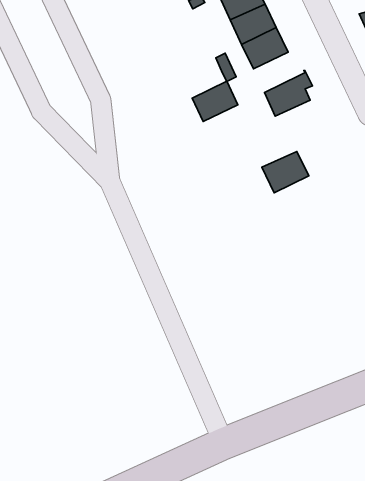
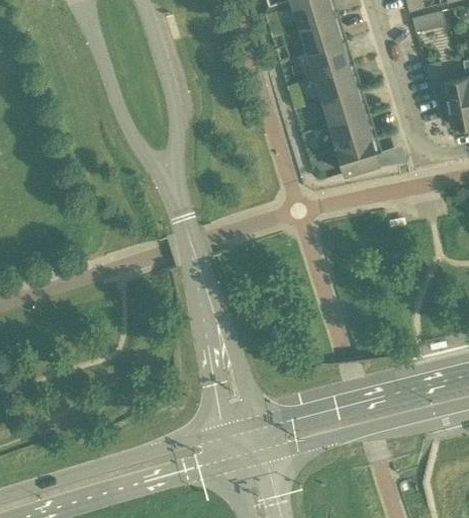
building: [192,81,238,122] -> [321,87,363,121]
building: [262,151,309,193] -> [336,135,378,170]

